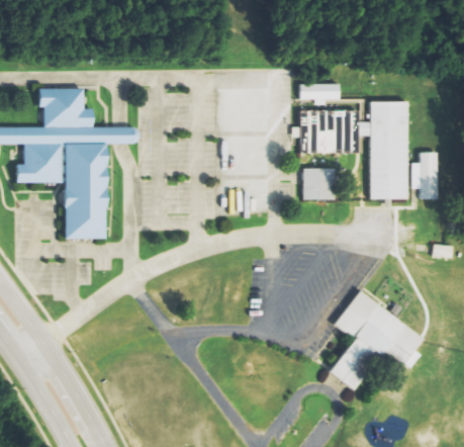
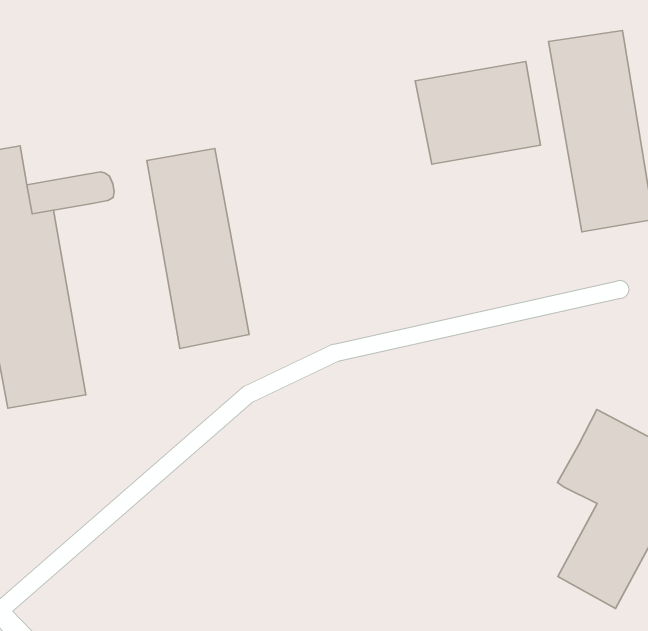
building: [302,84,342,99] -> none
building: none -> [147,148,249,349]
building: [305,167,337,201] -> none

